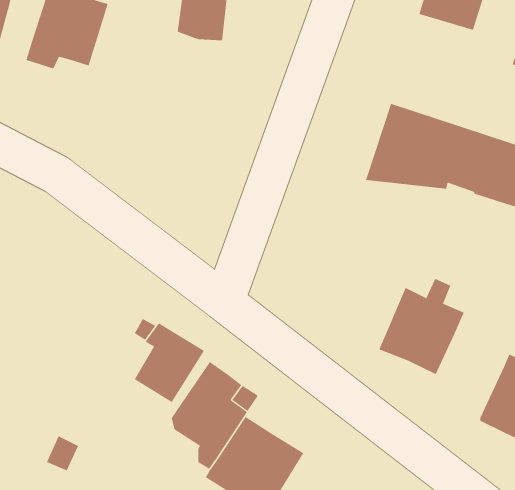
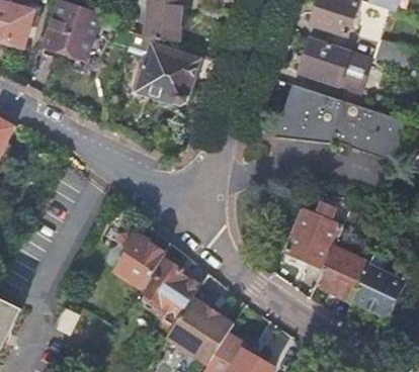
building: none -> [128,33,198,105]
building: none -> [299,36,370,91]
building: none -> [317,241,368,298]

